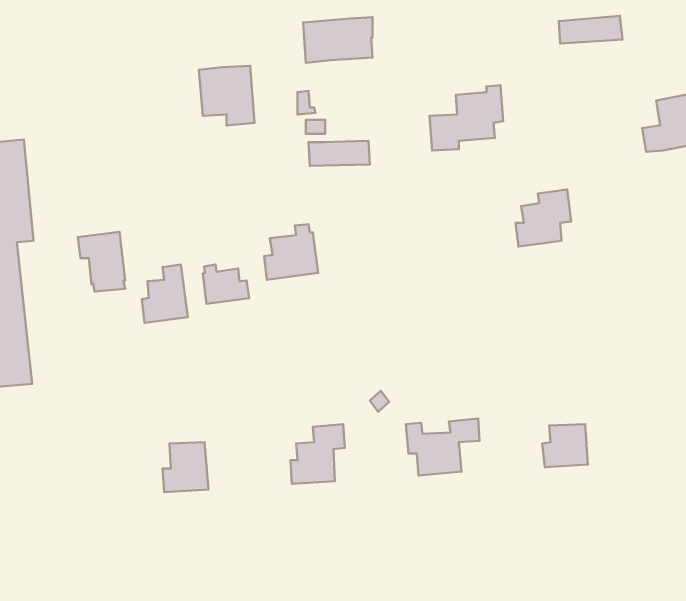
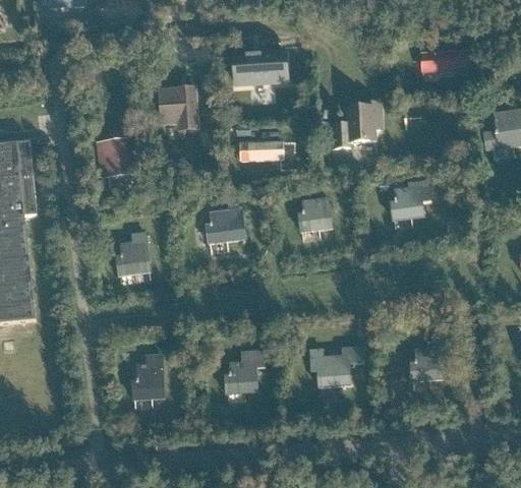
building: none -> [298,197,332,231]
building: [78,232,125,291] -> [97,138,131,182]
building: [203,265,249,304] -> none

